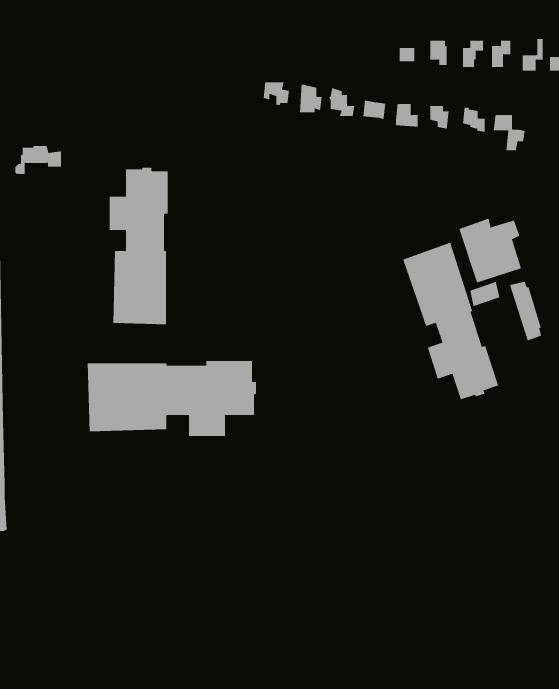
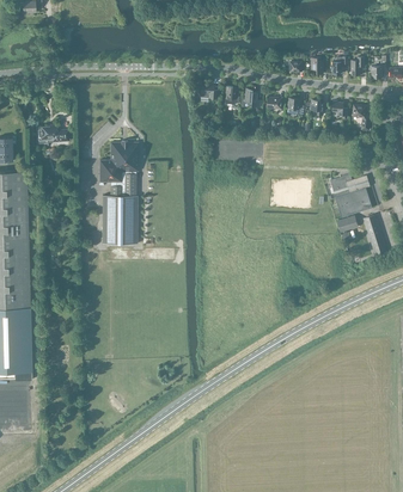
building: [402,242,499,400] -> none
building: [87,360,256,437] -> none

